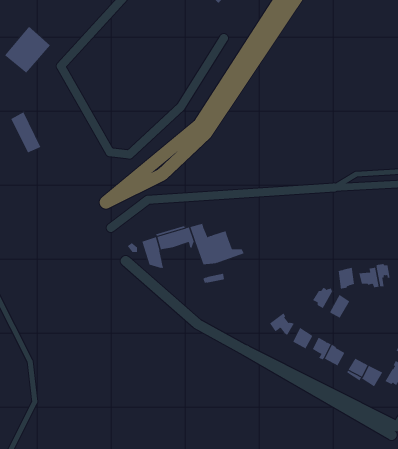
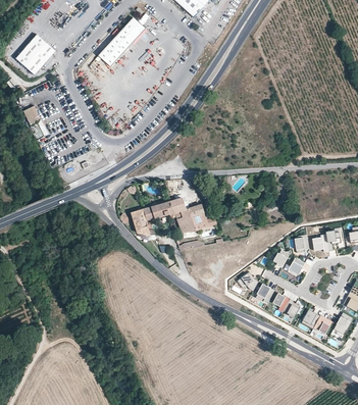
building: none -> [99,17,146,66]

